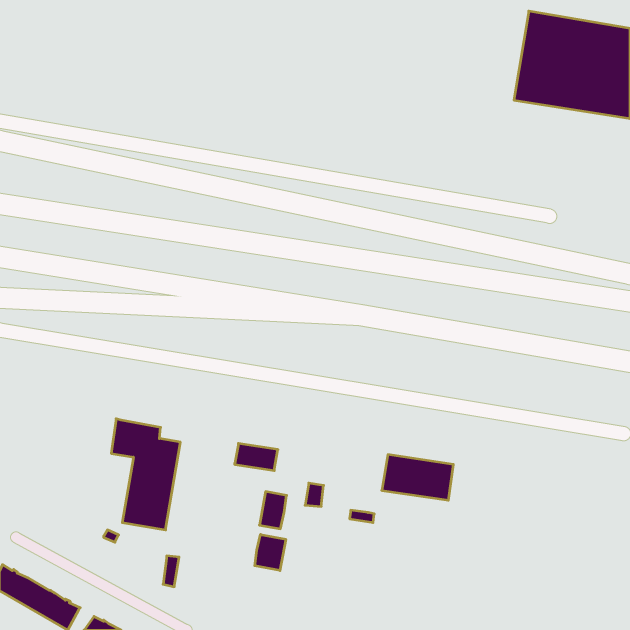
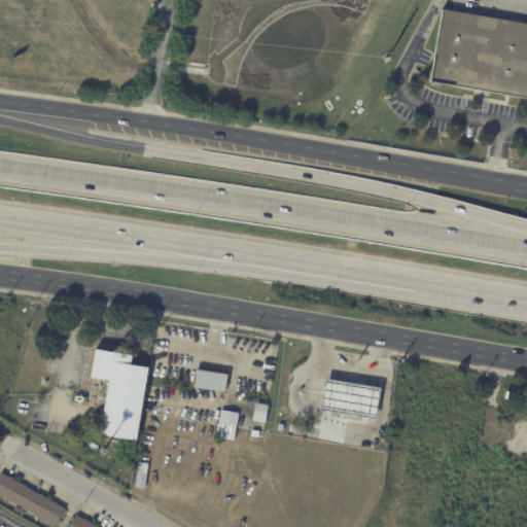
building: [255,534,286,571] -> none

